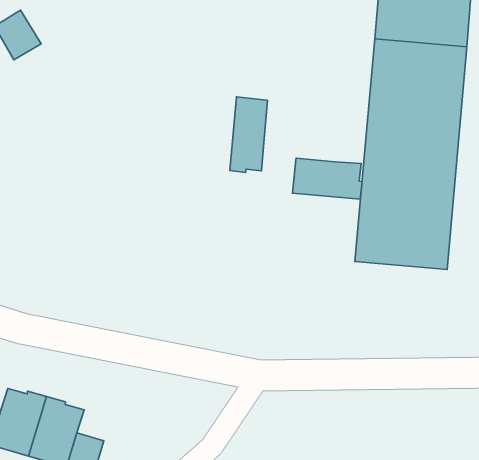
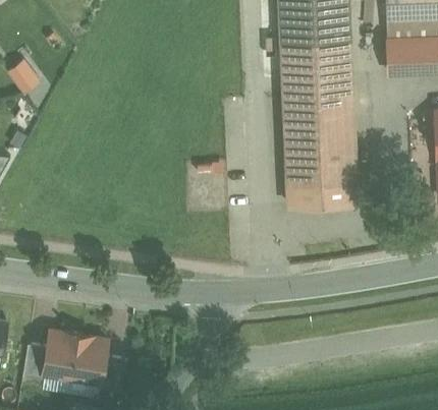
building: [230,97,267,172] -> none
building: [292,158,362,199] -> none

